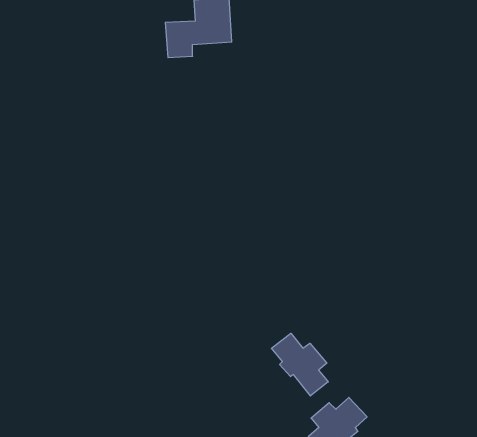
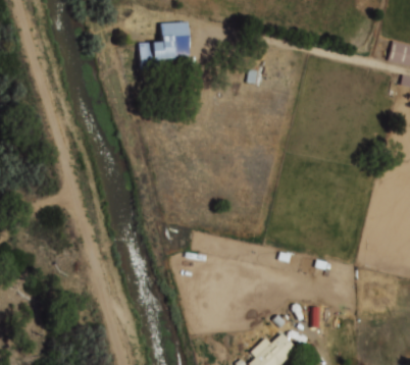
building: [271,333,328,396] -> none

